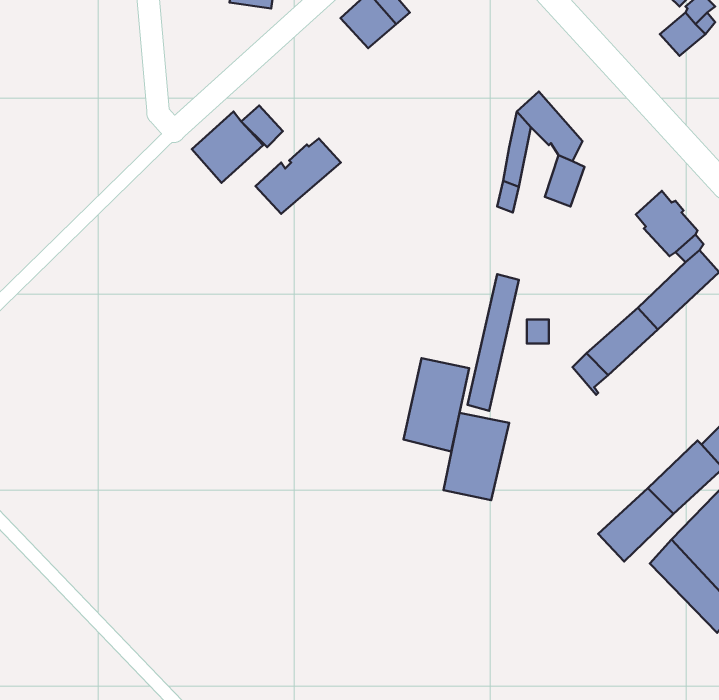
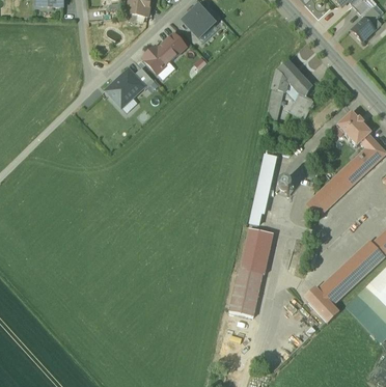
building: [255,139,341,214] -> [142,33,187,73]
building: [404,358,469,451] -> [228,267,263,315]
building: none -> [305,287,338,322]

